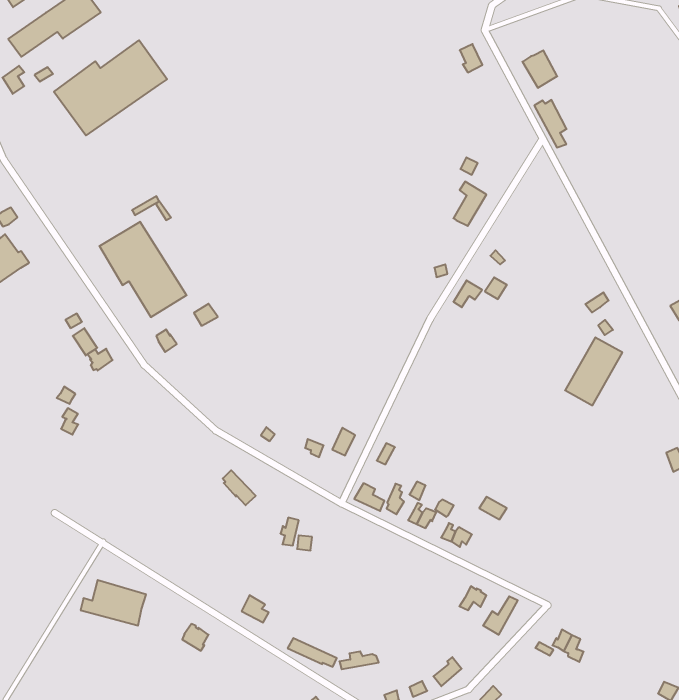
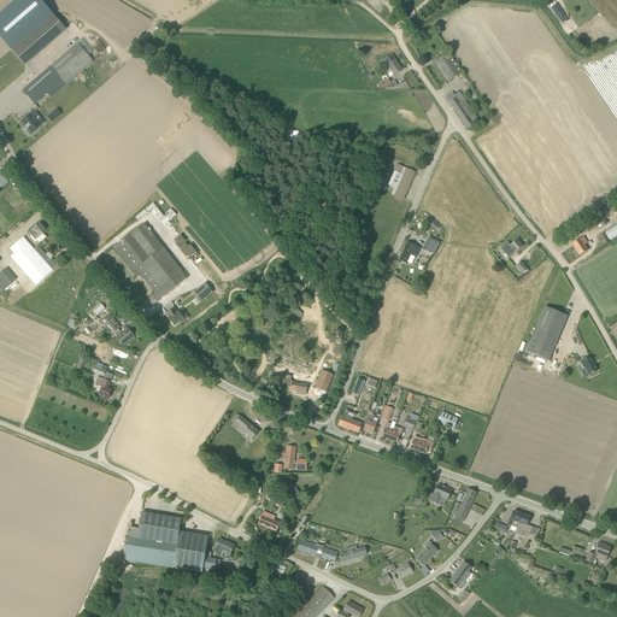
building: [54,40,167,135] -> none
building: [565,337,622,405] -> [525,305,568,359]
building: none -> [124,530,217,571]

